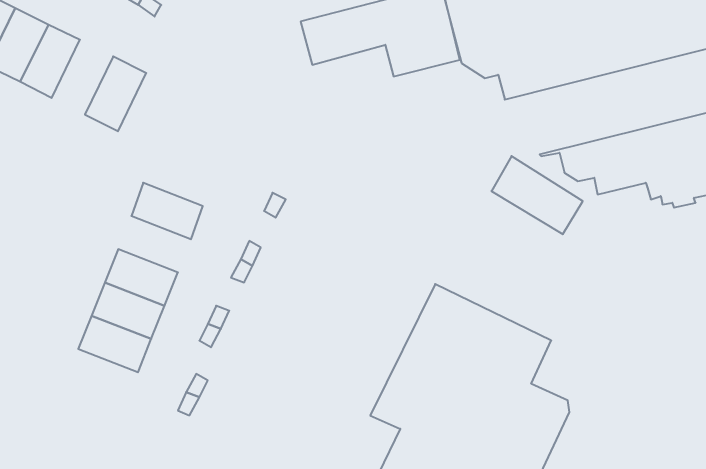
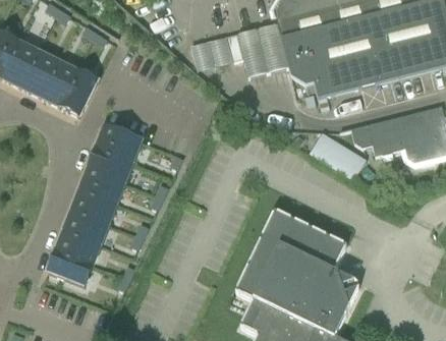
building: none -> [39,59,76,105]
building: none -> [95,125,141,161]
building: none -> [79,167,124,202]
building: none -> [47,248,92,284]

